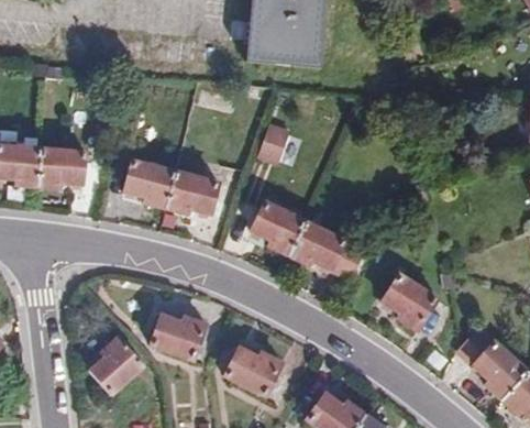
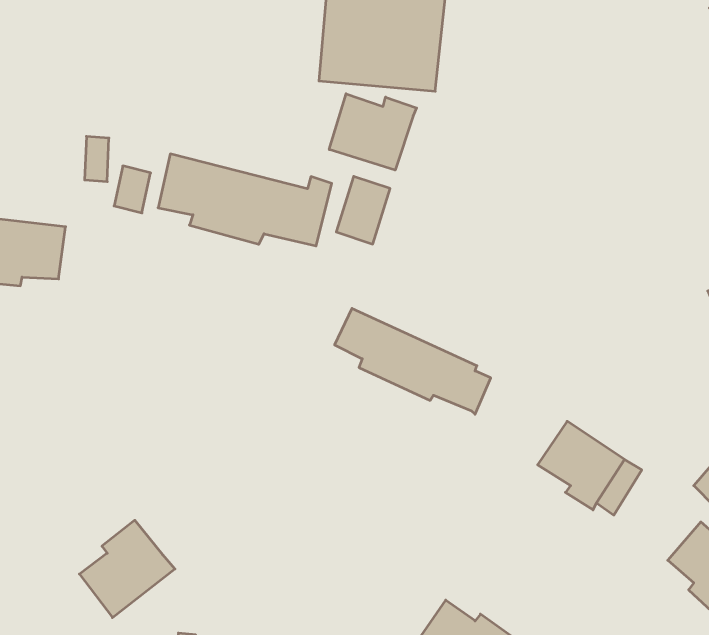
building: none -> [329,94,417,170]
building: [123,158,233,217] -> [158,154,332,246]
building: [151,316,217,366] -> none
building: [225,343,295,399] -> none

